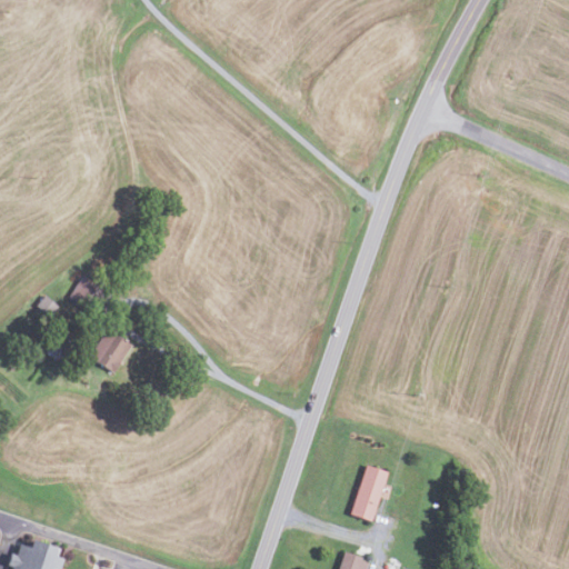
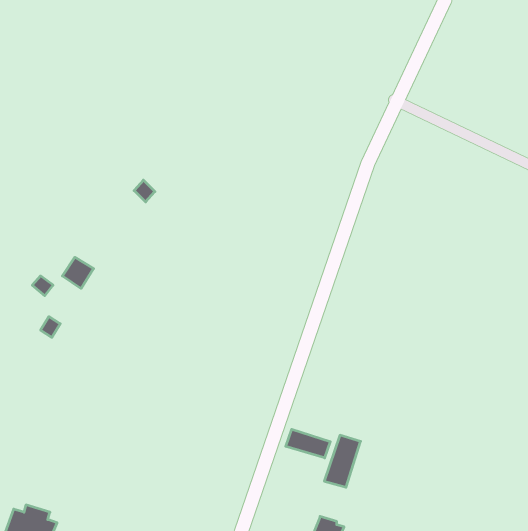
building: [91,330,133,373] -> none
building: none -> [286,429,330,458]

